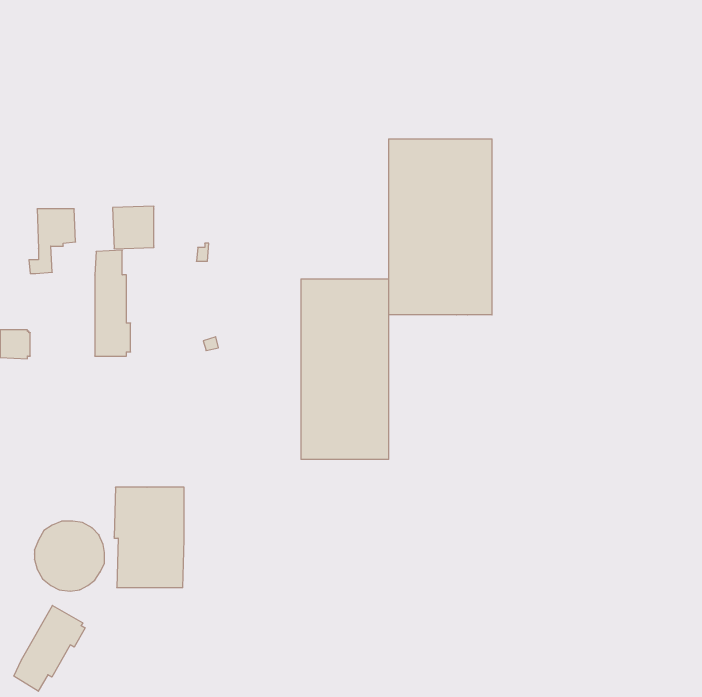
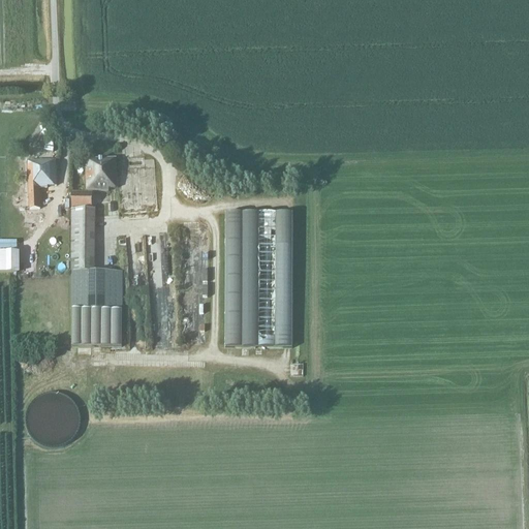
building: [389,139,492,315] -> none
building: [114,487,184,588] -> [70,268,123,343]
building: [14,605,85,691] -> none

